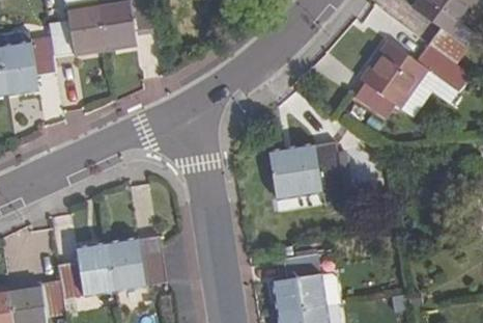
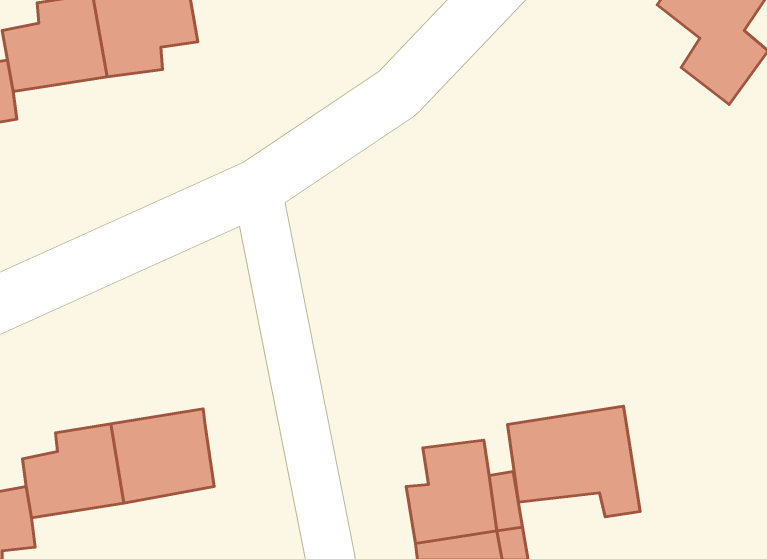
building: [356,43,468,117] -> none
building: [269,143,344,206] -> [507,406,640,517]

